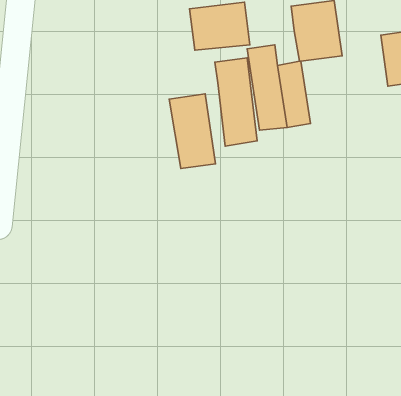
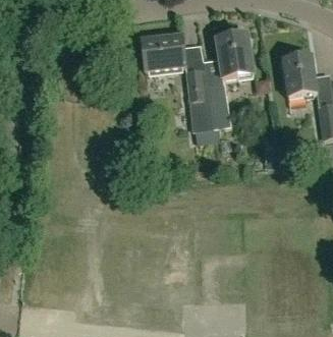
building: [215,58,257,146] -> none
building: [169,94,216,168] -> none

